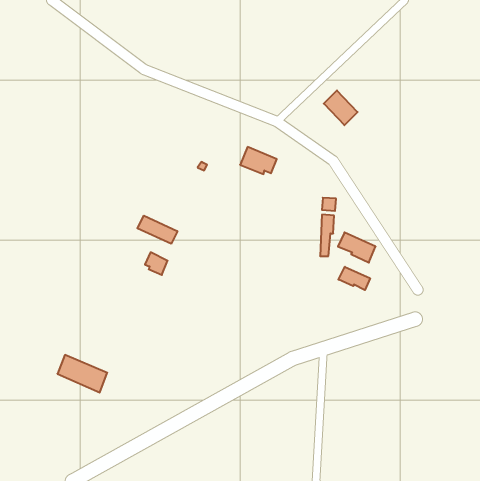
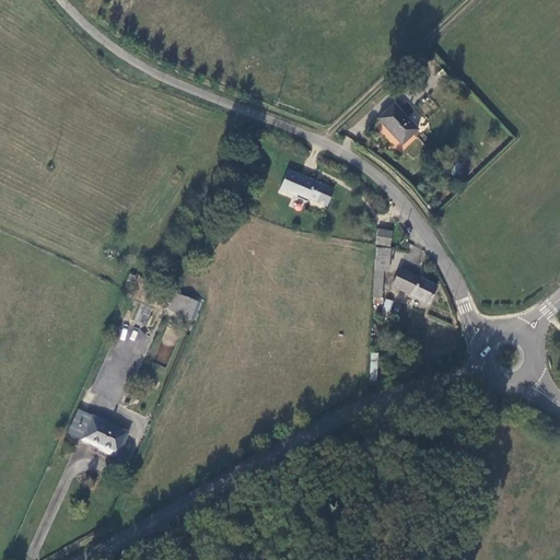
building: [137,216,177,244] -> none
building: [338,267,370,290] -> none

